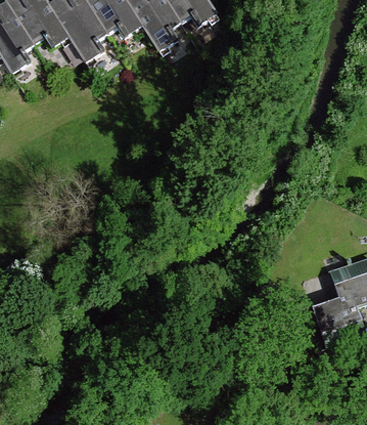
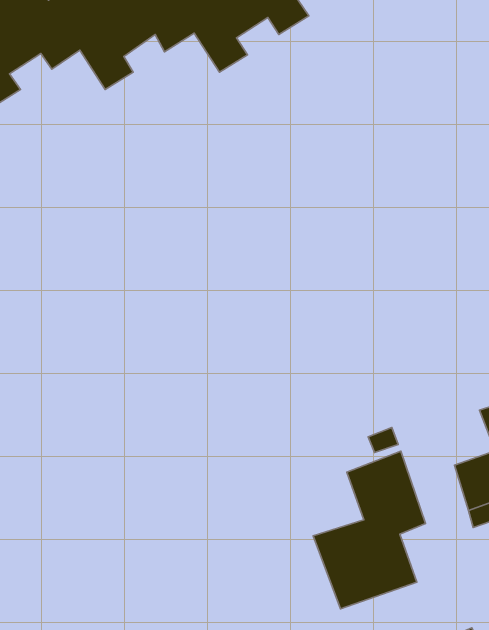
building: none -> [313,451,425,609]

